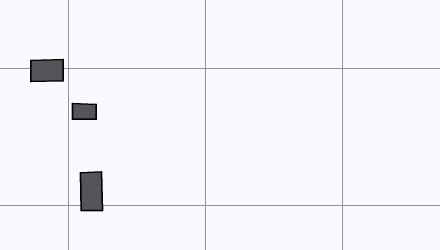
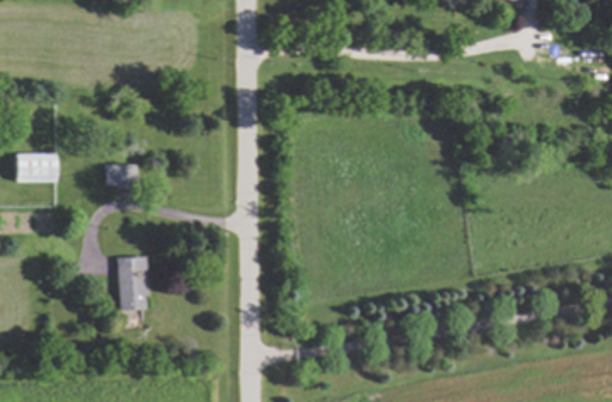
building: [31,60,63,82] -> [14,152,59,182]

